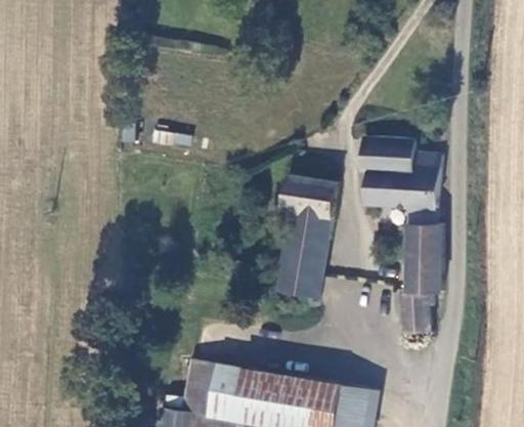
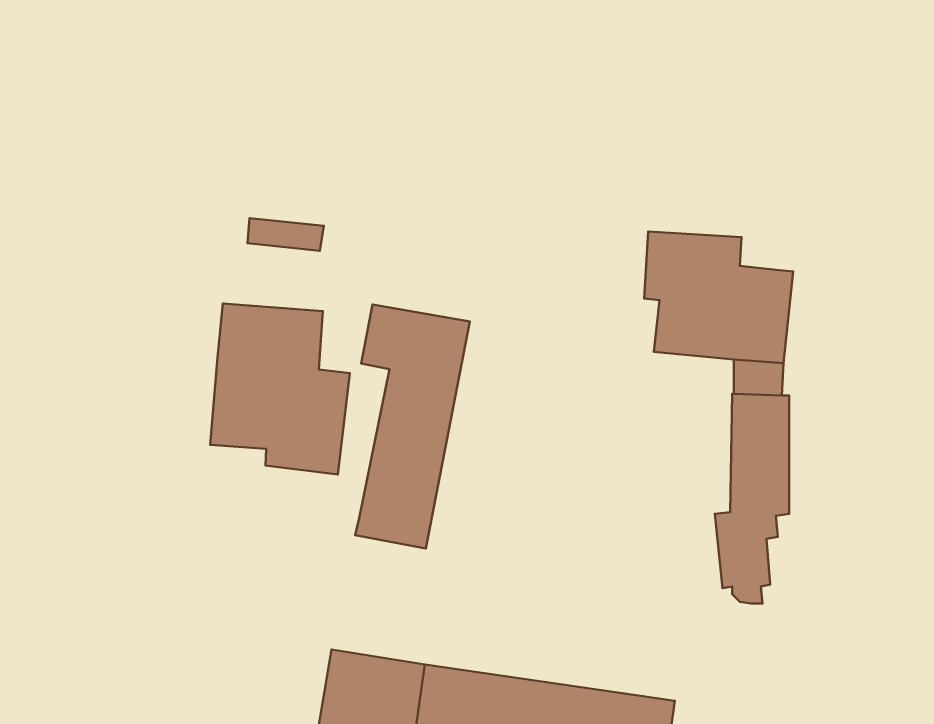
building: [276,174,338,305] -> [355,304,470,549]
building: none -> [210,304,350,474]

